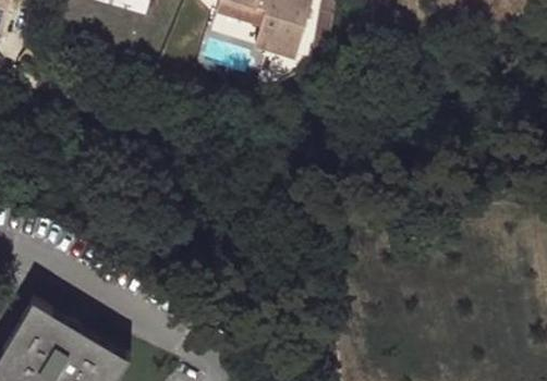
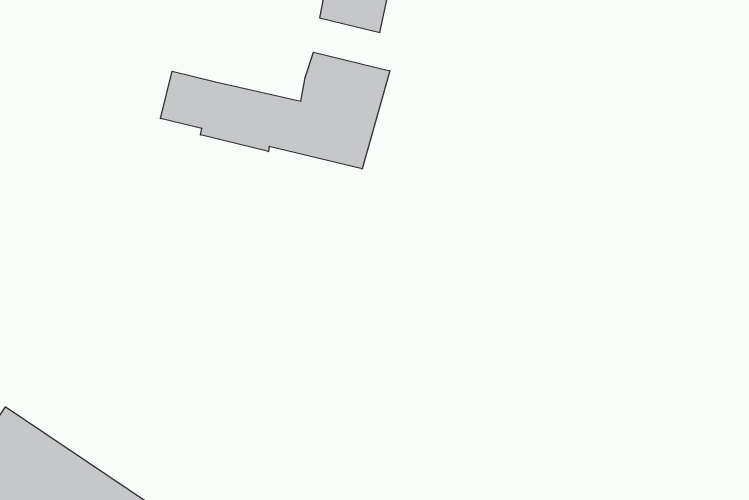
building: none -> [160,52,390,169]

